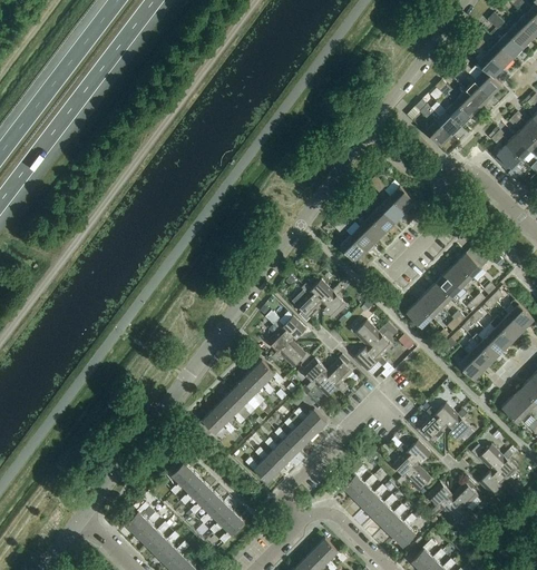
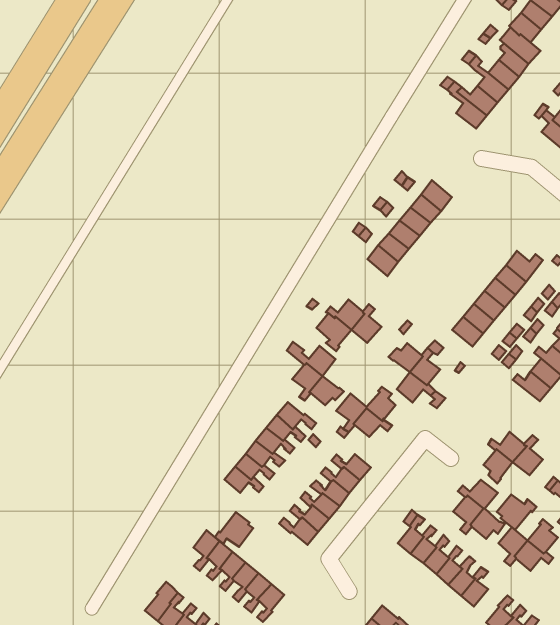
building: none -> [215,512,253,547]
building: none -> [497,495,536,530]

